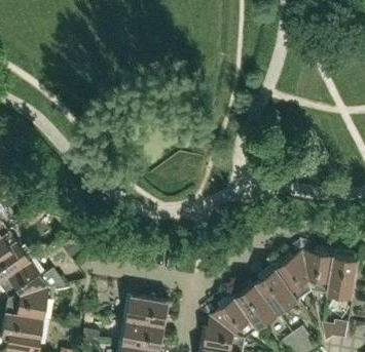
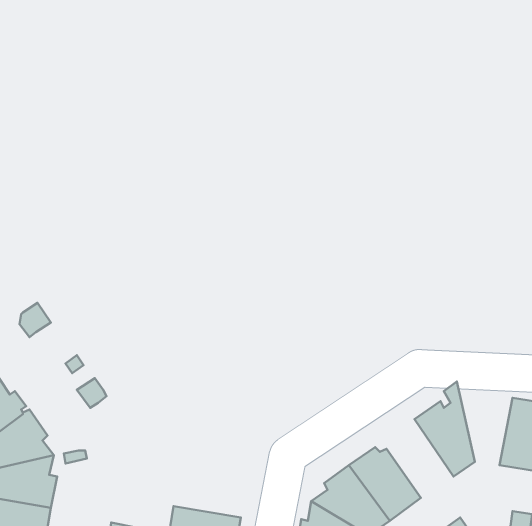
building: [301,240,336,292] -> none
building: [257,264,299,313] -> none
building: [123,285,171,325] -> none

